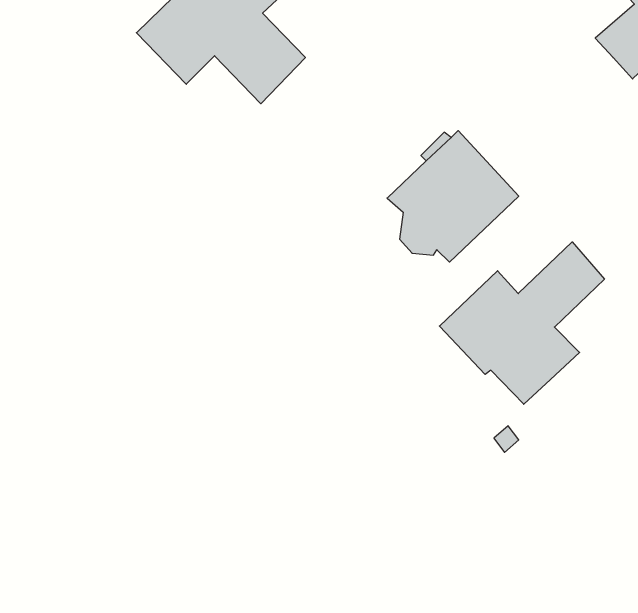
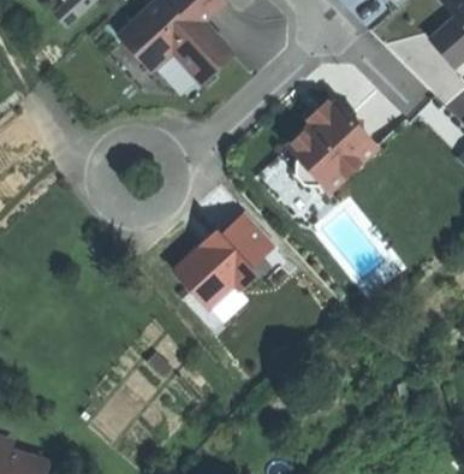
building: [439,242,604,404] -> none
building: none -> [178,202,292,313]

